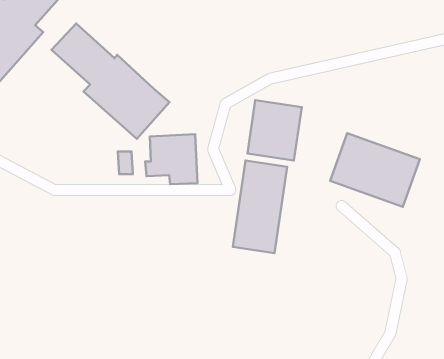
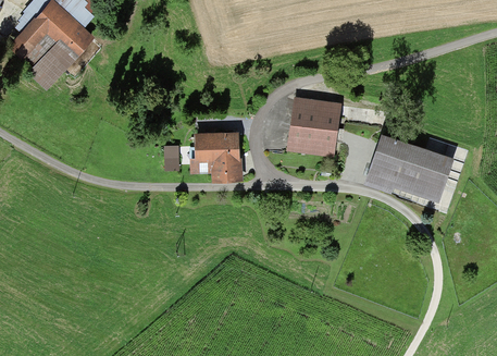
building: [51,24,169,139] -> none
building: [233,160,287,253] -> none

